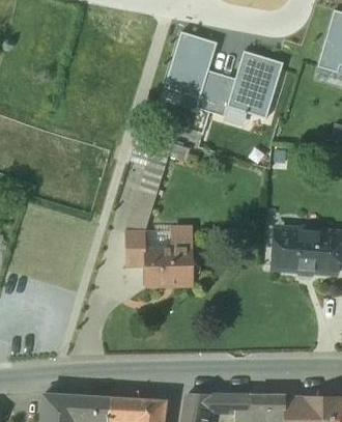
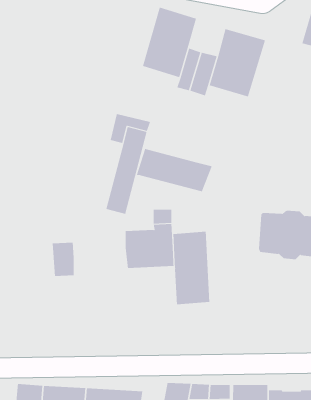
building: none -> [136,148,213,192]
building: [124,230,146,263] -> [52,242,74,277]
building: none -> [173,231,210,305]

